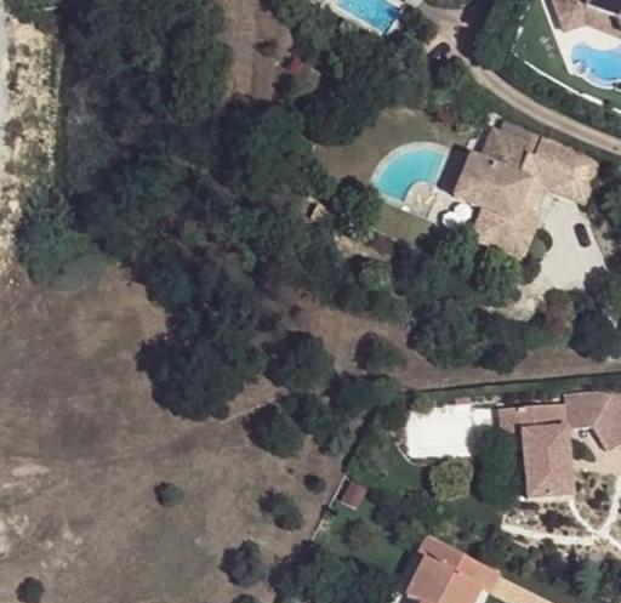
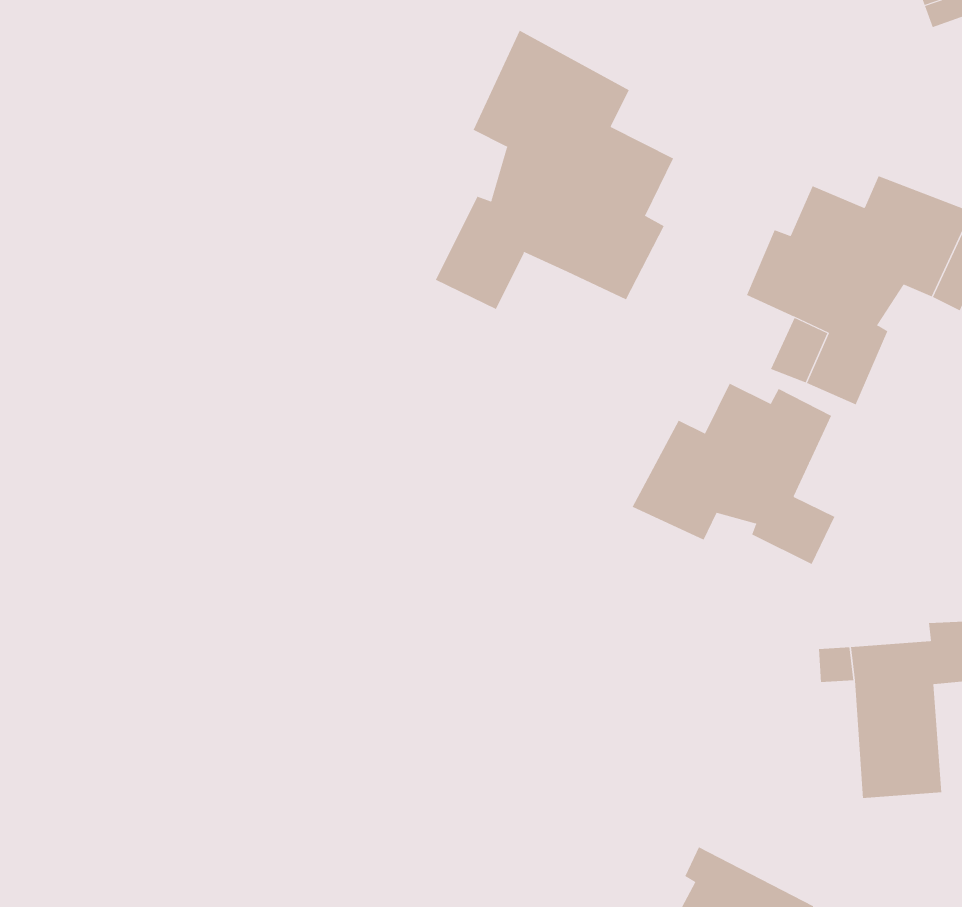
building: none -> [435,30,674,310]
building: none -> [632,383,835,565]

